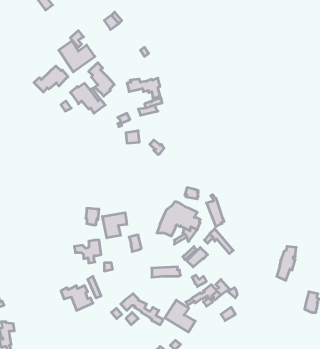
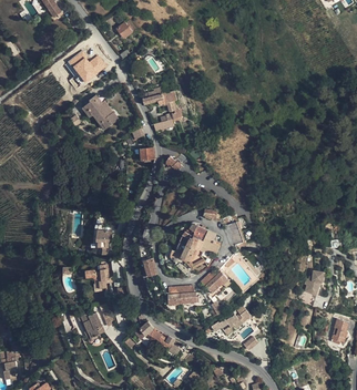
building: [89,63,114,96] -> none
building: [34,66,68,92] -> none
building: [102,213,127,238] -> none
building: [165,300,195,332] -> none

